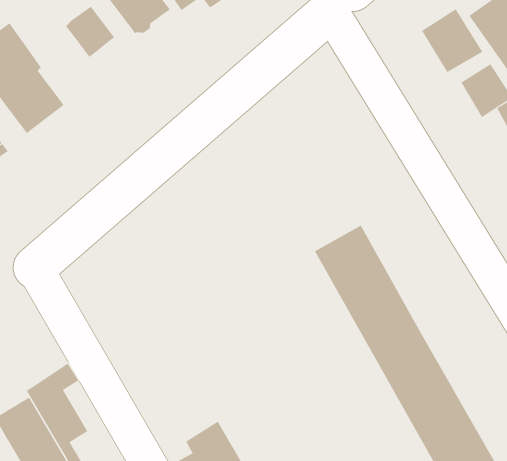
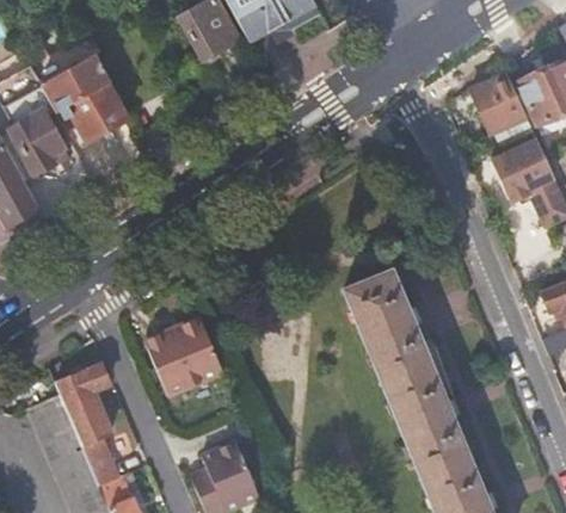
building: [66,6,115,58] -> none
building: none -> [144,313,223,393]

